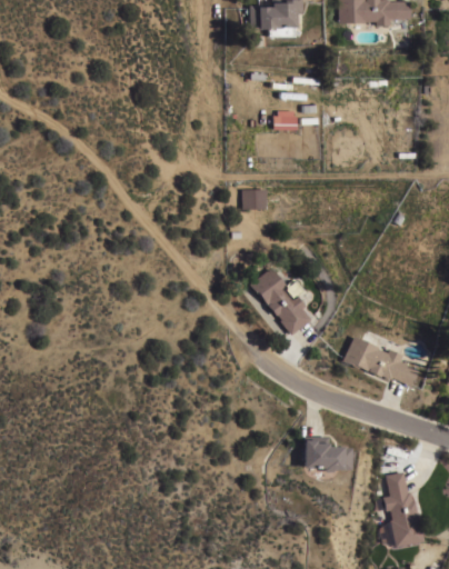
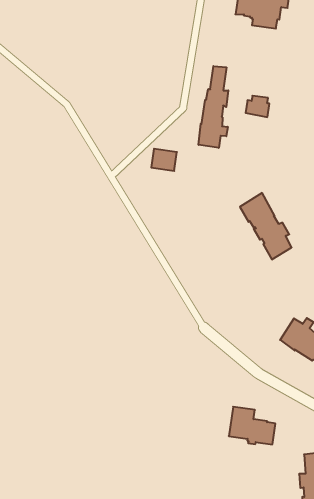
building: none -> [199,66,228,148]
building: [242,189,267,209] -> [151,149,177,171]
building: [250,267,310,335] -> [240,193,292,259]

